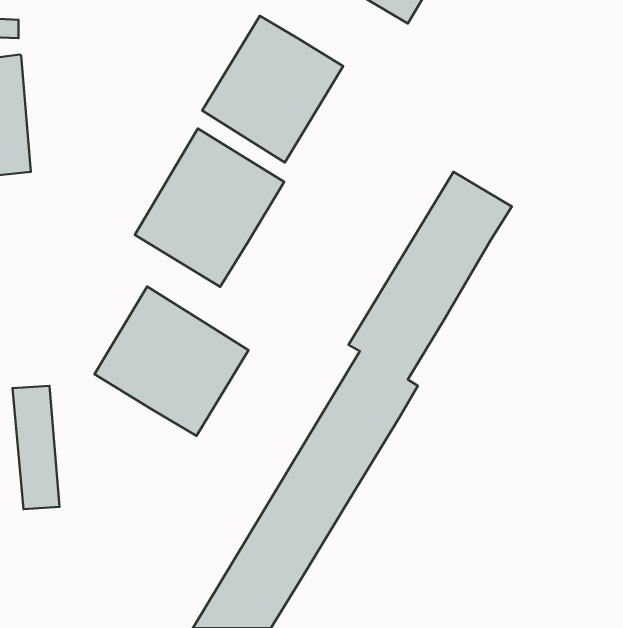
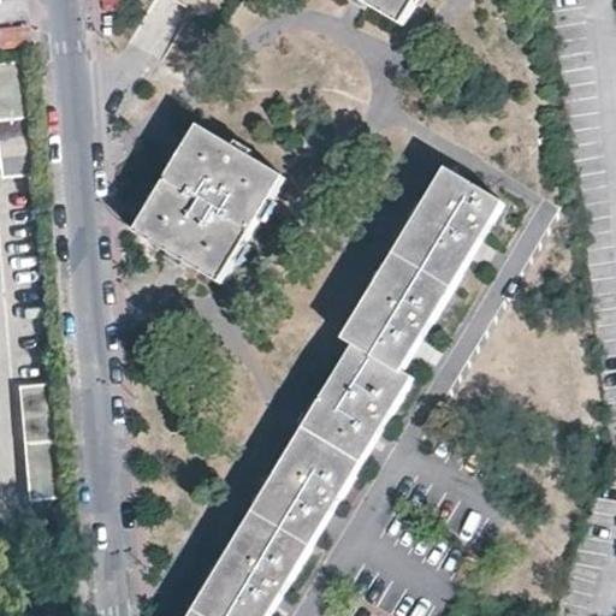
building: [202,16,343,163] -> none
building: [94,287,249,436] -> none

